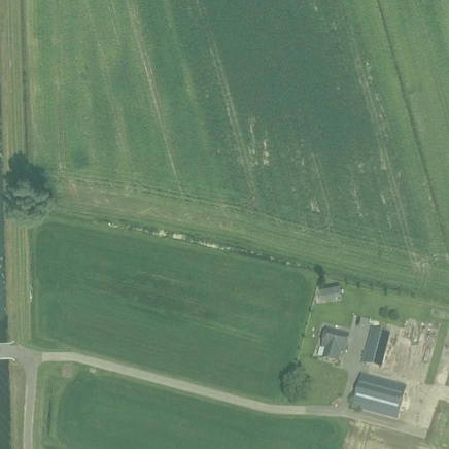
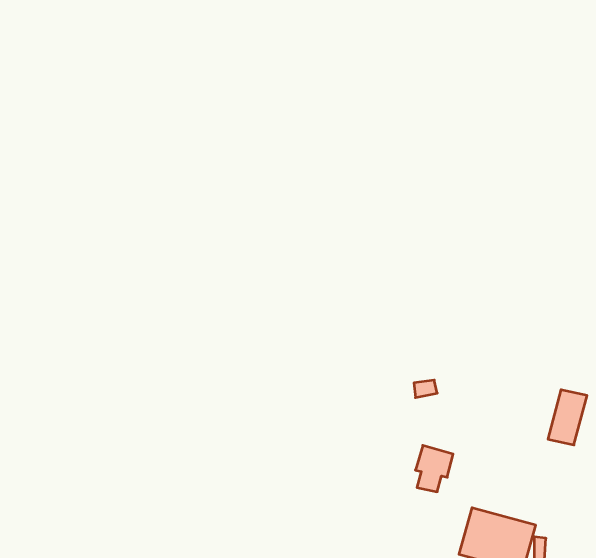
building: [360,326,388,366] -> [548,390,587,445]

